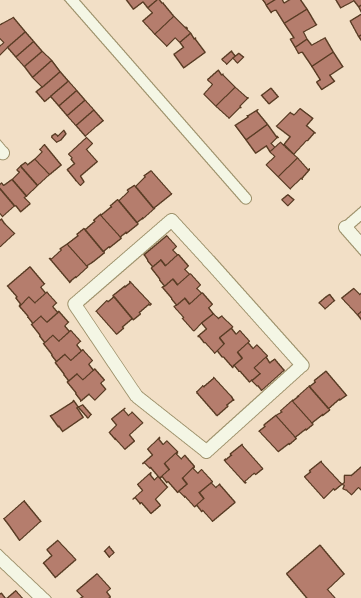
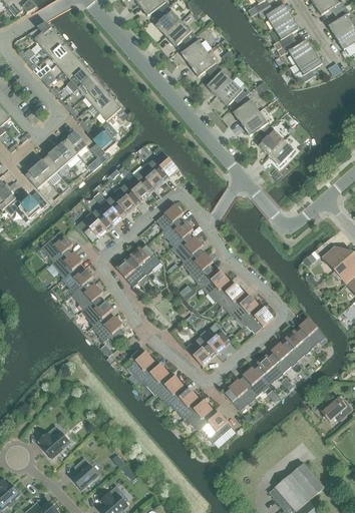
building: none -> [189,51,218,76]
building: [276,109,315,154] -> none
building: none -> [186,336,216,367]
building: [50,400,83,432] -> none
building: [305,461,342,498] -> [238,367,269,398]
building: [133,473,168,513] -> [139,361,168,395]

